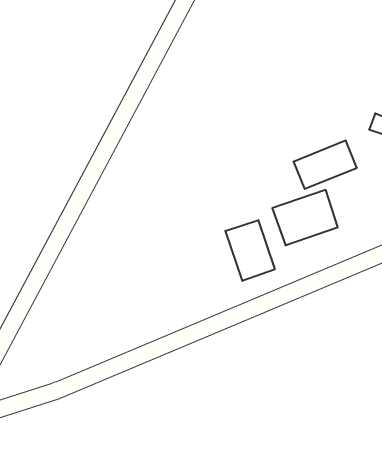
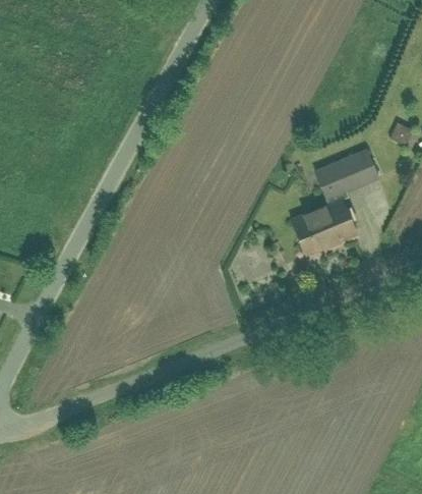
building: [225,220,275,281] -> none

